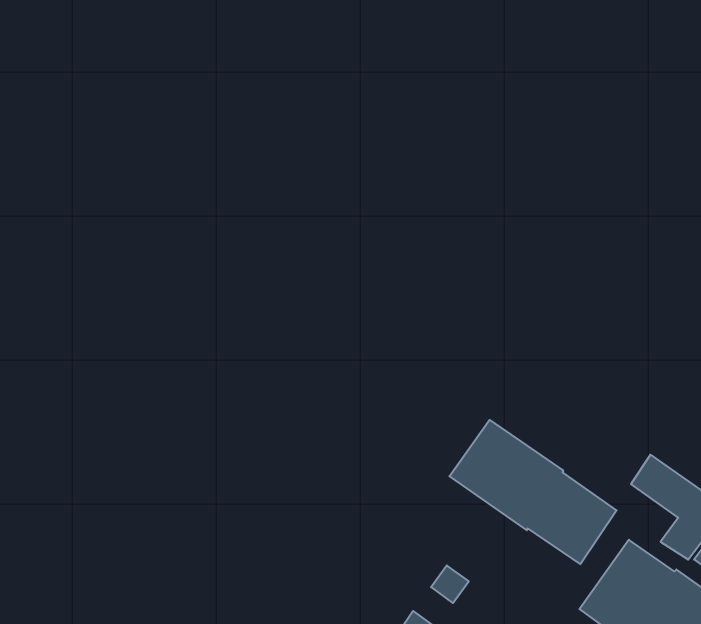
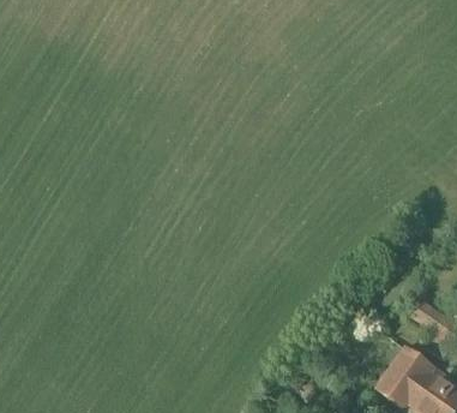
building: [449,420,617,564] -> none

